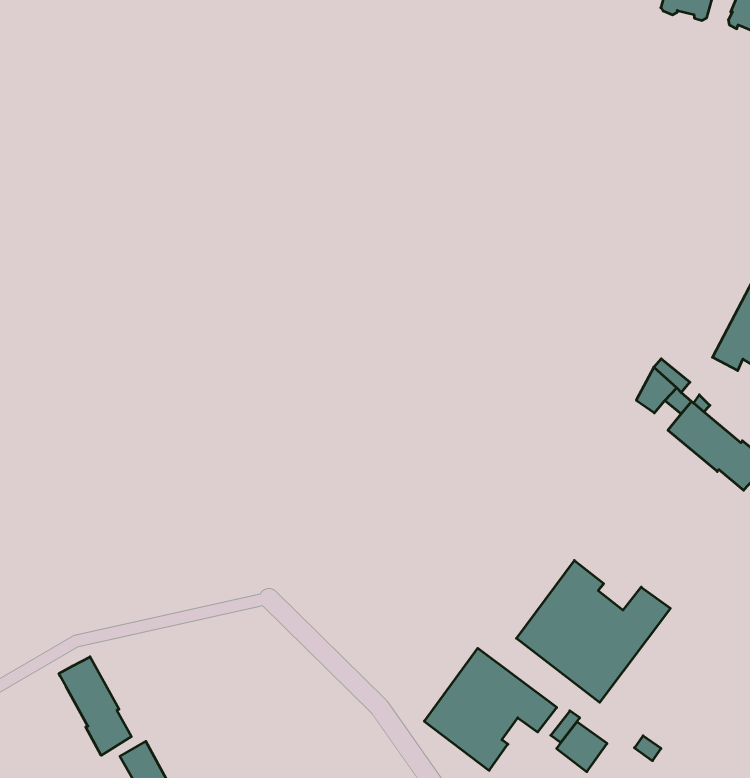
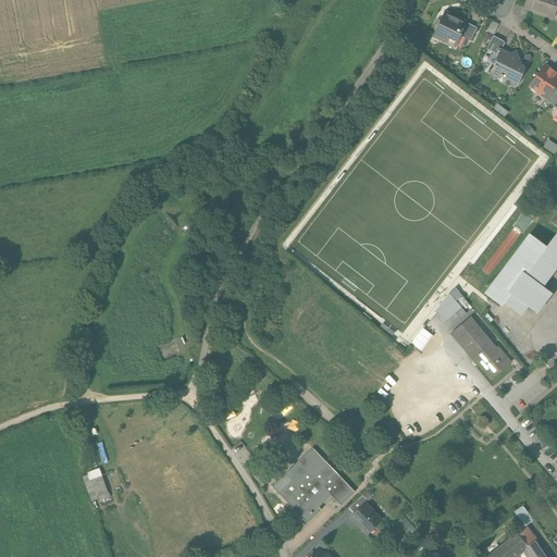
building: [516,560,670,702] -> none
building: [59,657,131,755] -> none

